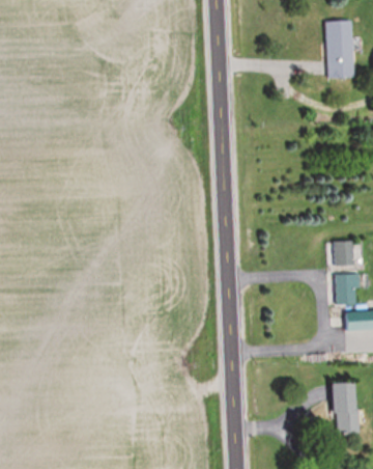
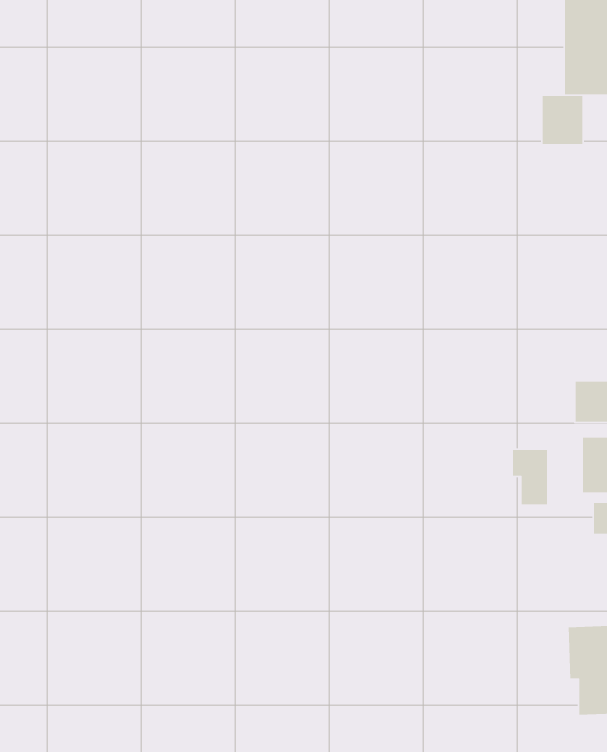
building: none -> [542,95,583,145]
building: none -> [512,449,548,505]

